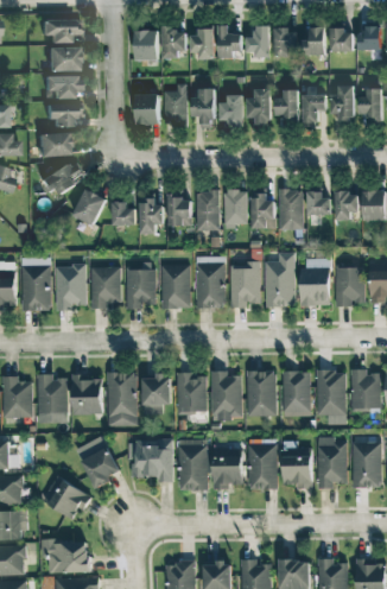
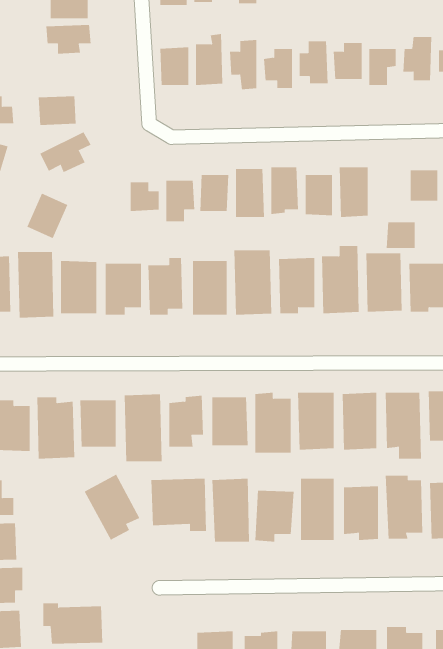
building: [45,104,82,127] -> none
building: [72,189,106,226] -> [27,193,68,239]
building: [306,194,330,215] -> [386,222,416,248]
building: [42,476,91,518] -> none

